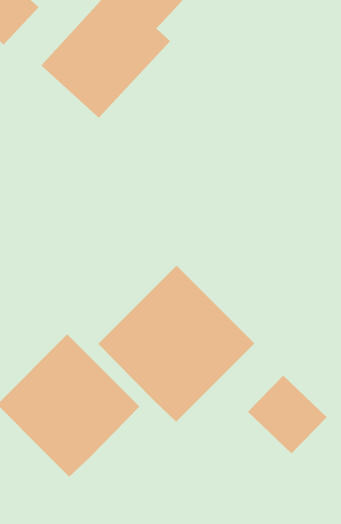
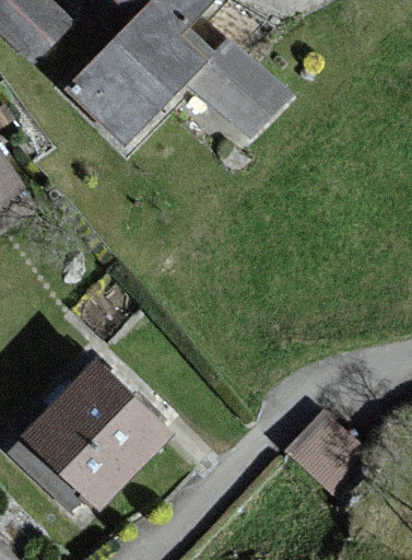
building: none -> [186,40,291,142]
building: [98,265,255,422] -> none

